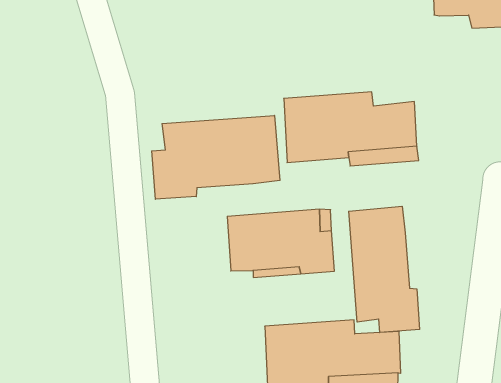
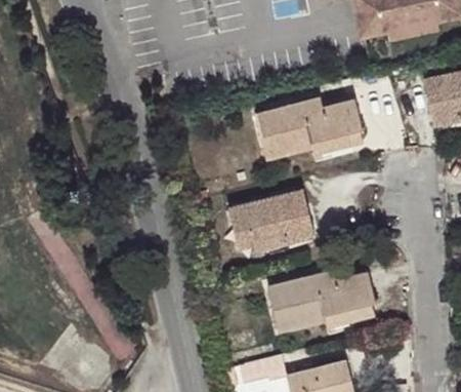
building: [152,115,280,199] -> none
building: [349,206,420,333] -> none

